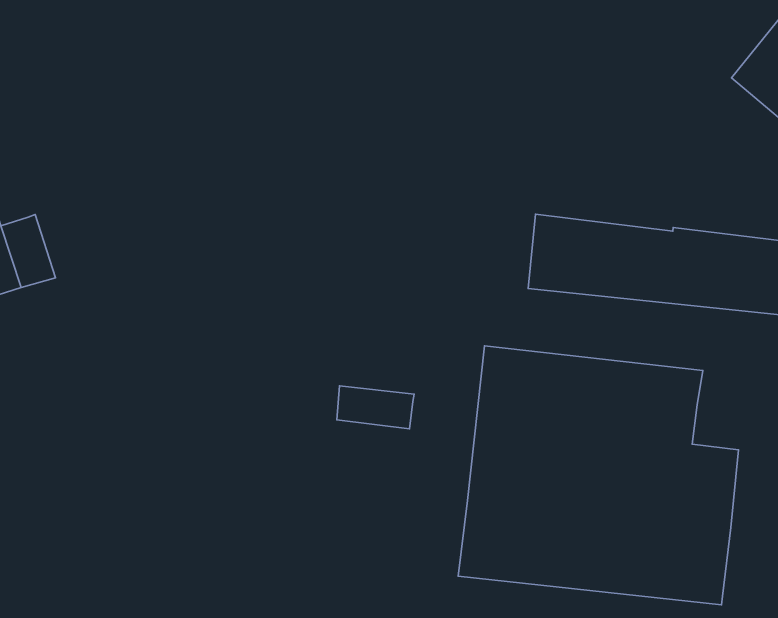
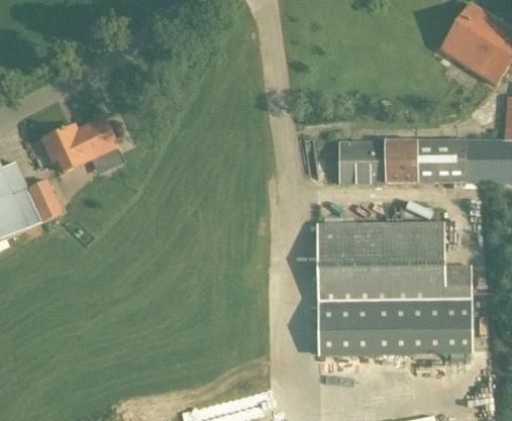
building: none -> [43,116,118,173]
building: [337,386,414,429] -> none

